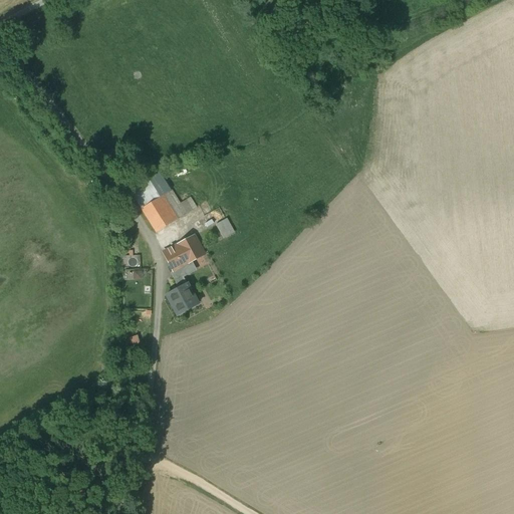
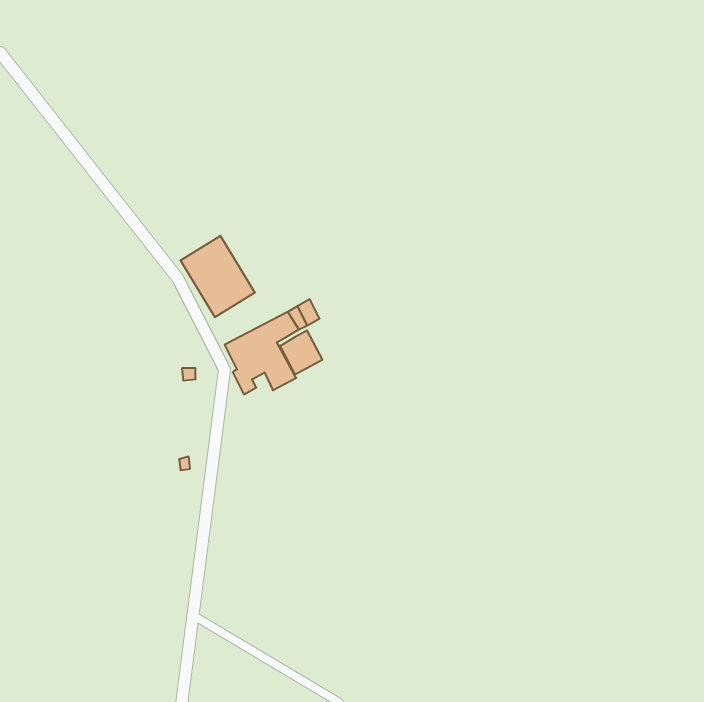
building: [167,282,198,314] -> [280,330,322,375]

